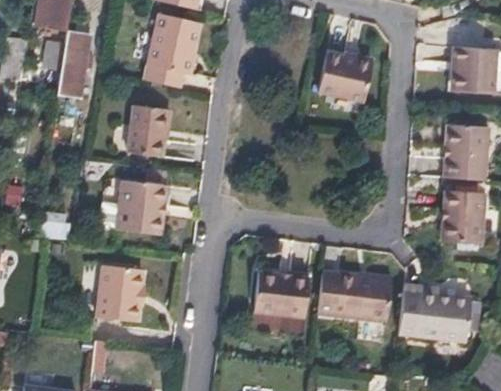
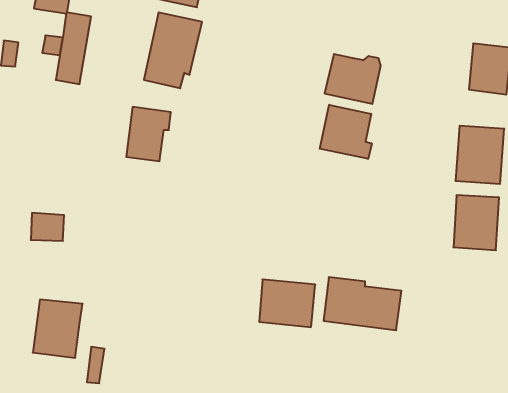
building: none -> [320,105,372,159]
building: [115,182,165,236] -> none
building: [95,264,143,320] -> [33,300,83,358]
building: [398,284,471,342] -> none

